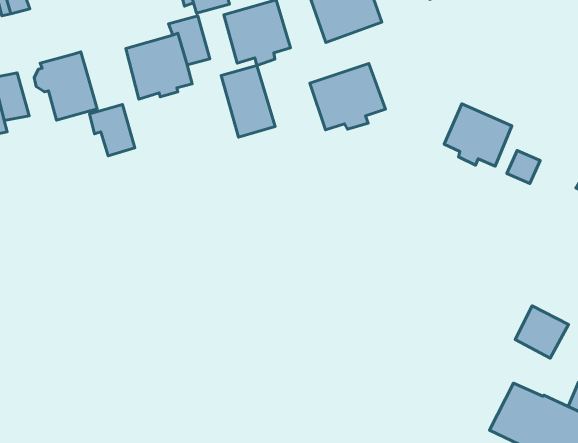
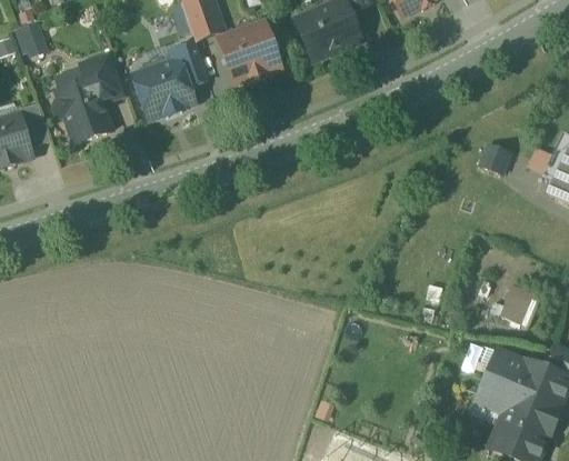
building: [310,63,386,130] -> none
building: [221,66,275,137] -> none
building: [444,104,512,166] -> none
building: [90,105,135,156] -> [82,54,124,101]

